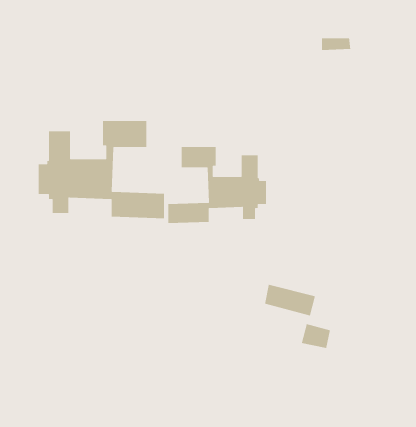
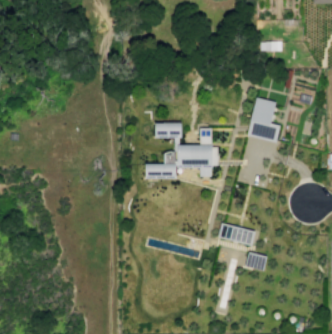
building: none -> [247,96,281,142]
building: [38,120,165,219] -> none

